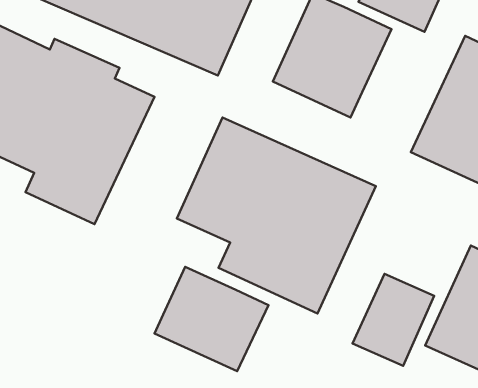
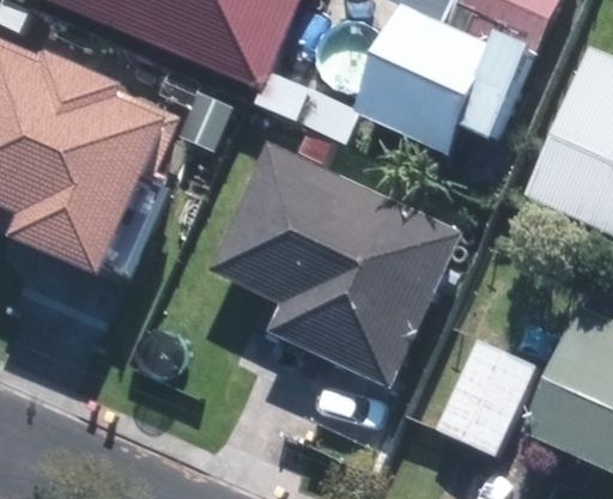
building: [155,267,268,371] -> none

